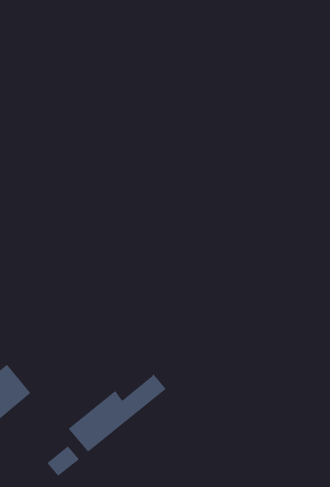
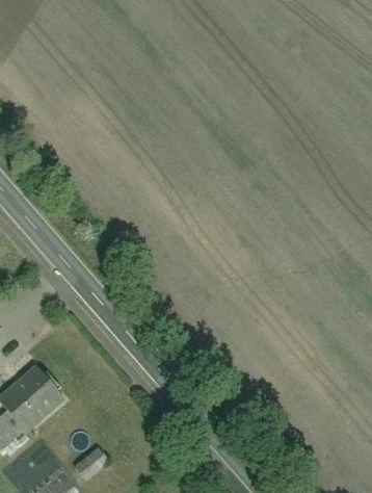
building: [68,374,166,453] -> none

